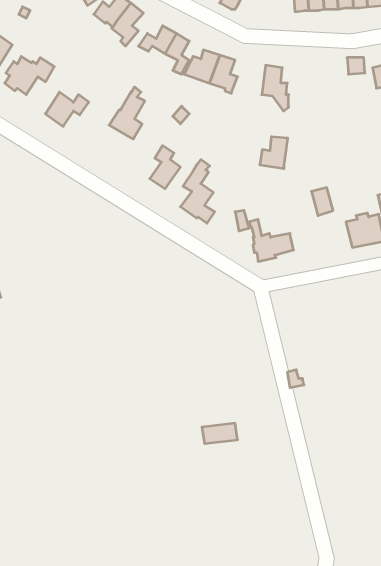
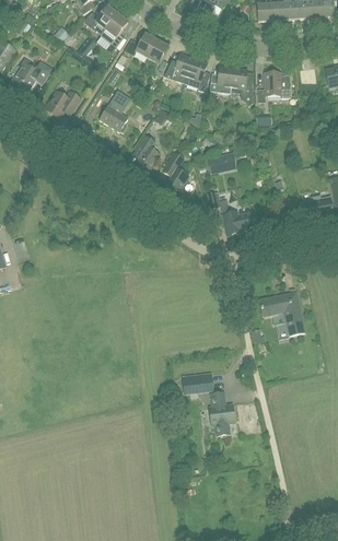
building: none -> [258,70,290,101]
building: [260,137,288,169] -> [209,64,233,92]
building: none -> [259,292,305,333]
building: none -> [208,391,234,434]

